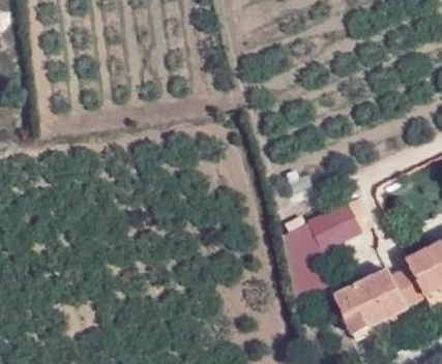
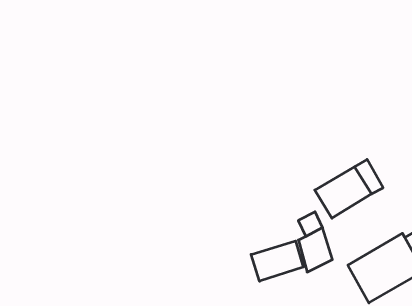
building: none -> [251,241,303,281]

